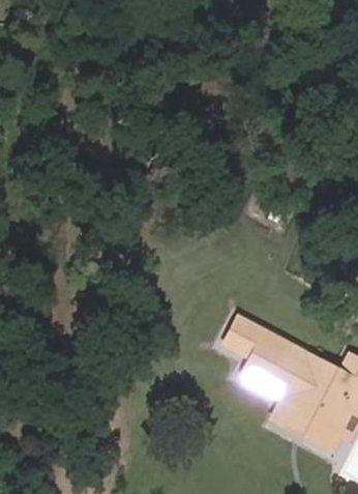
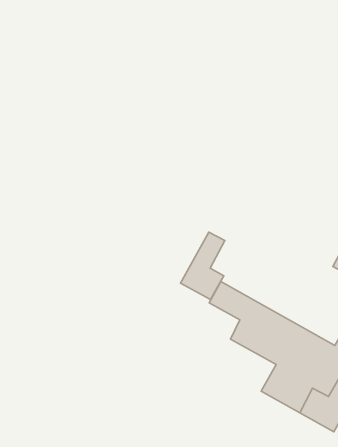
building: none -> [181,232,225,299]

